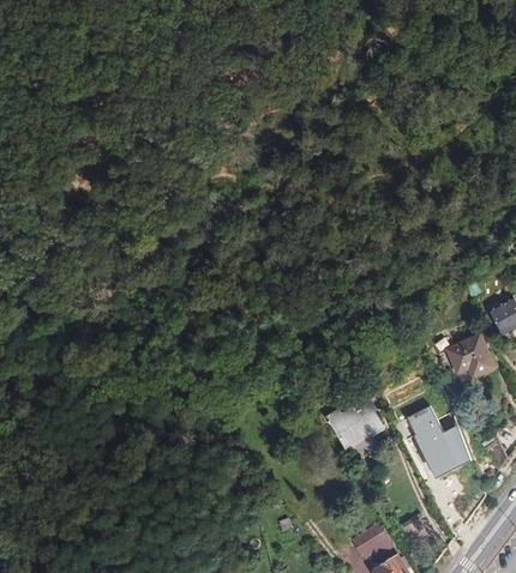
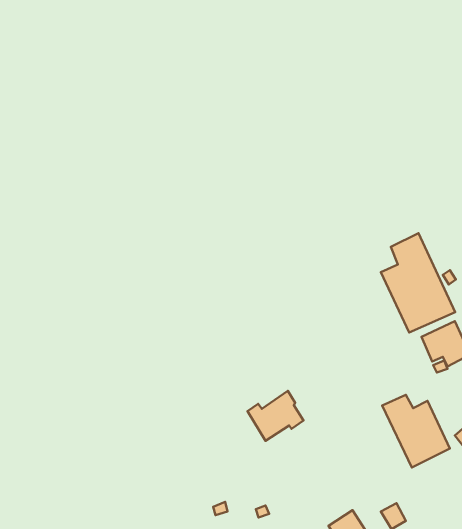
building: none -> [381,233,455,332]
building: [326,397,383,447] -> [247,391,303,441]

